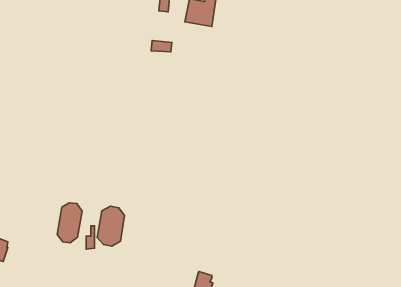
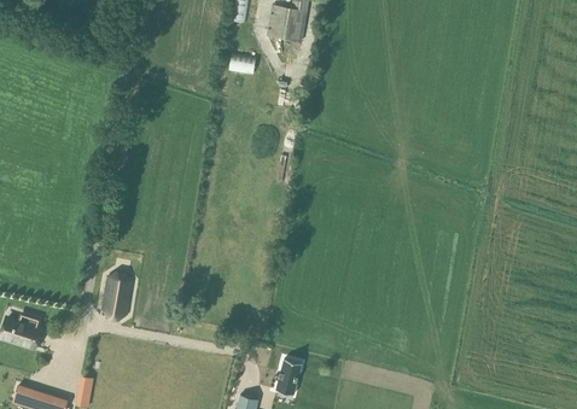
building: [97,206,125,246] -> none

